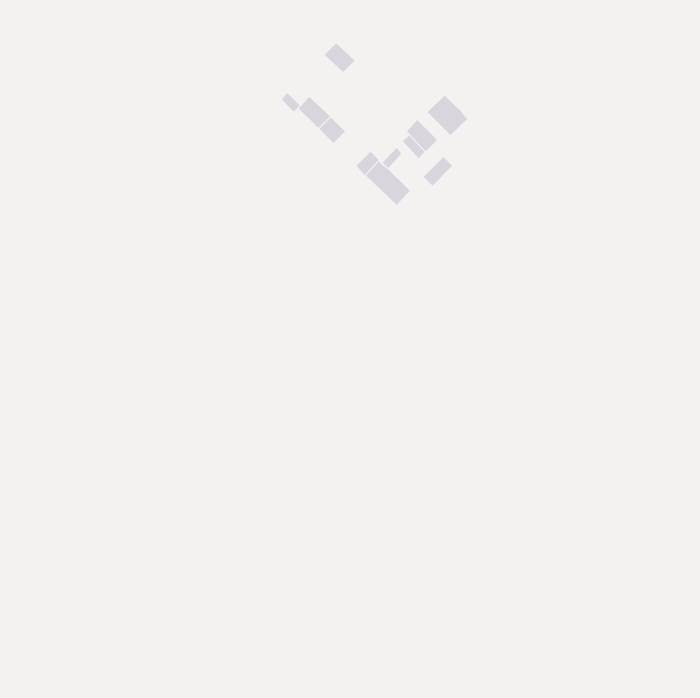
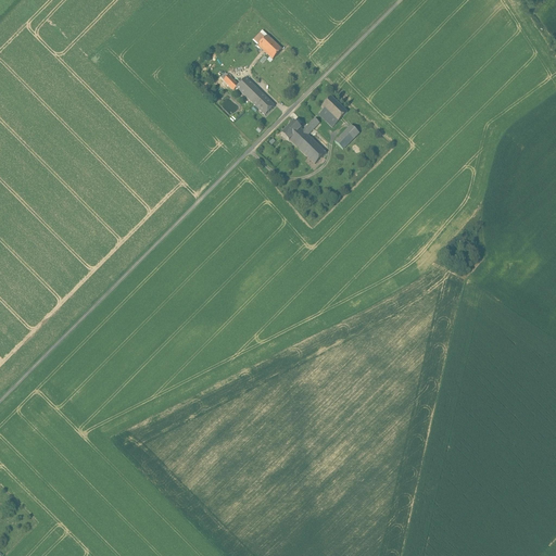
building: [427,95,468,136] -> none

